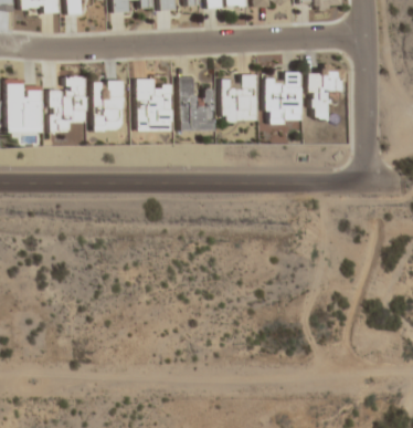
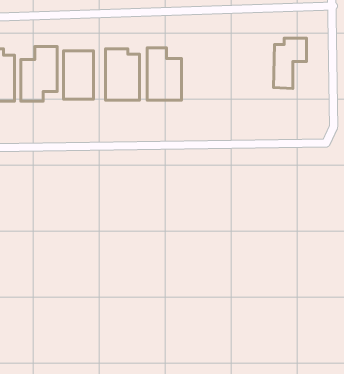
building: [266,71,301,123] -> none
building: [223,73,257,121] -> none

